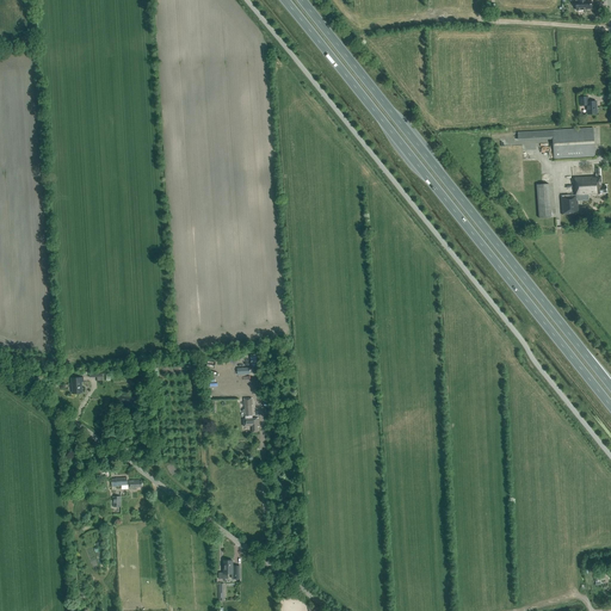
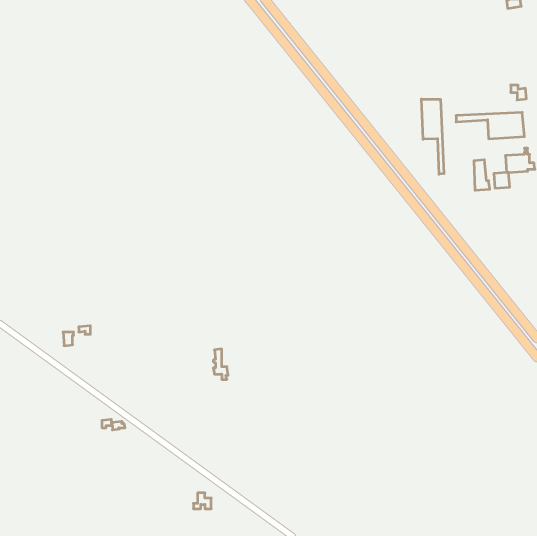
building: none -> [421,99,444,174]

